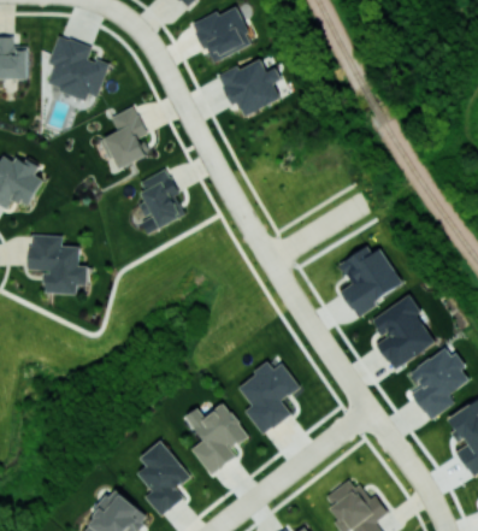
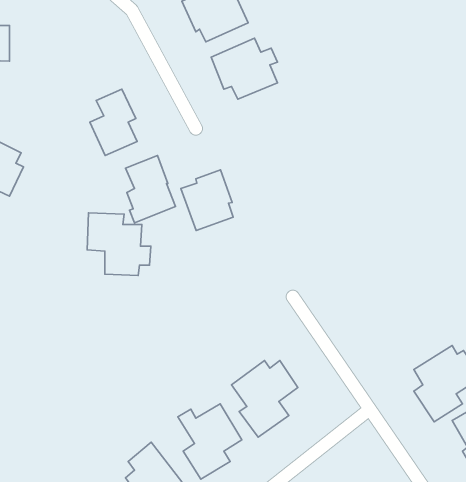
building: [46,35,108,100] -> none
building: none -> [181,170,233,231]
building: [28,235,88,294] -> [87,213,151,275]
building: [340,242,402,315] -> none
building: [372,295,435,370] -> none

